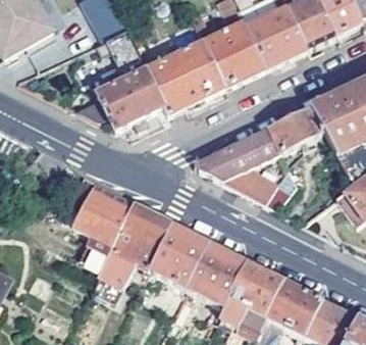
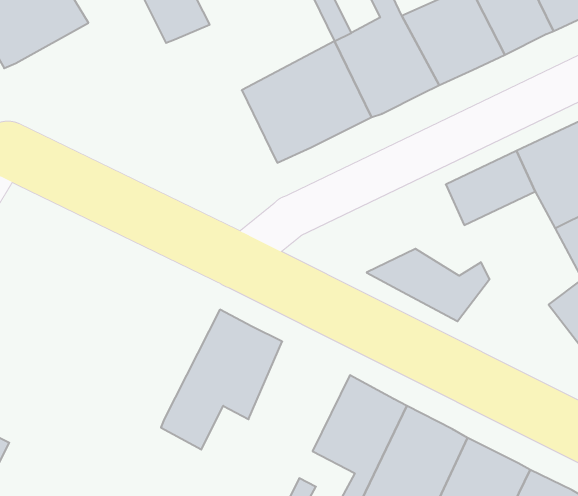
building: [76,29,165,129] -> none
building: [199,126,282,179] -> none
building: [74,178,135,267] -> none
building: [152,220,213,287] -> none

